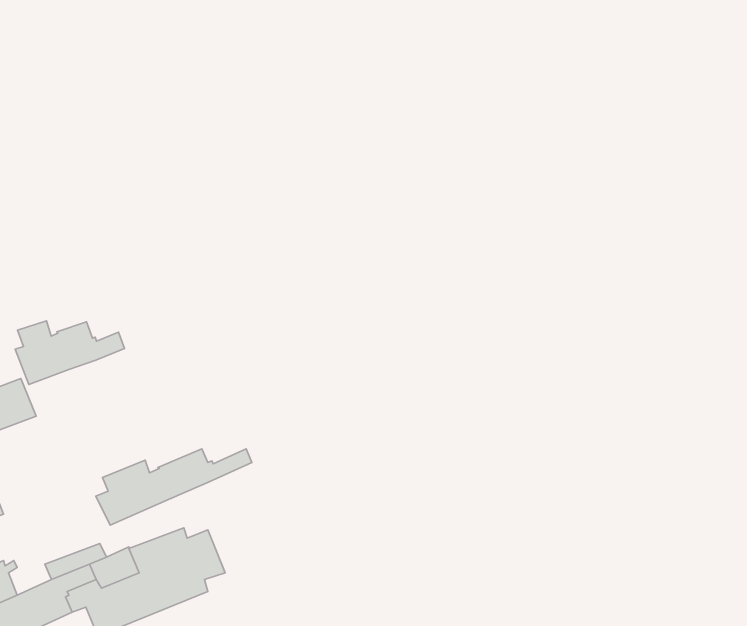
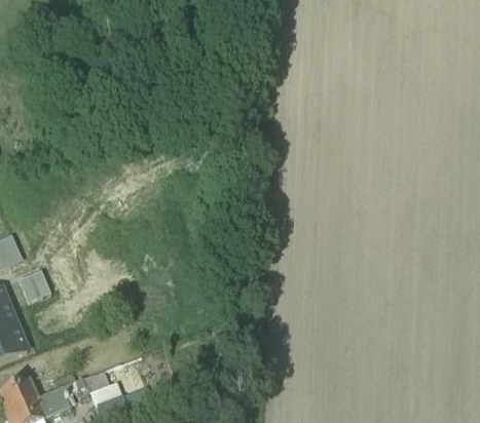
building: [15,321,125,384] -> none
building: [96,449,252,525] -> none

